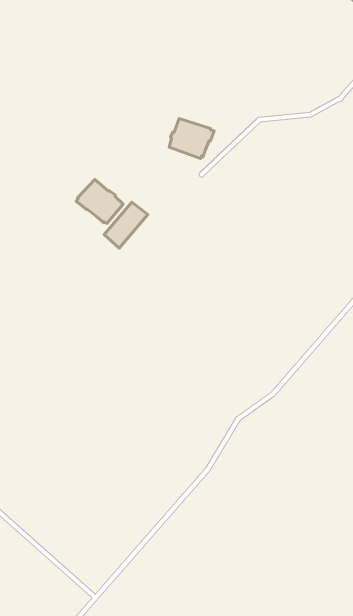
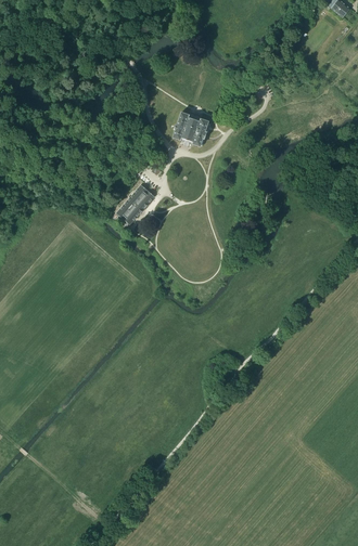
building: [76,179,123,223] -> none

